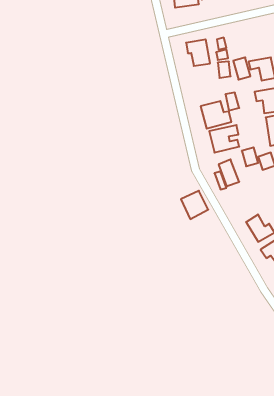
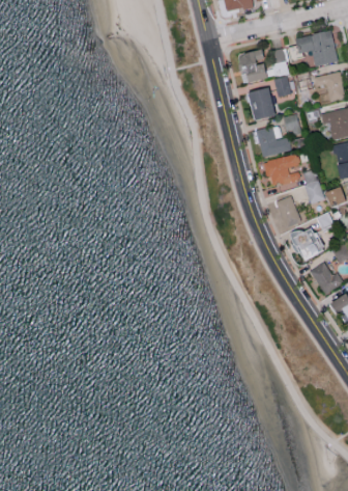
building: none -> [295,30,338,66]
building: none -> [246,87,274,120]
building: [181,191,208,219] -> [290,227,323,262]

